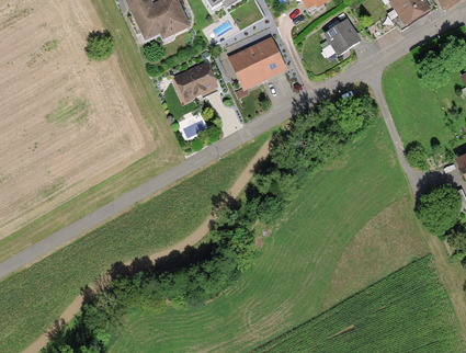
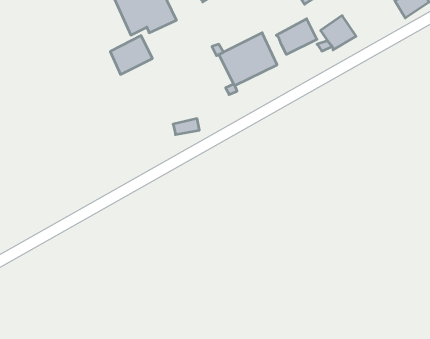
building: none -> [276,19,317,54]
building: [174,62,215,100] -> [110,36,152,74]

